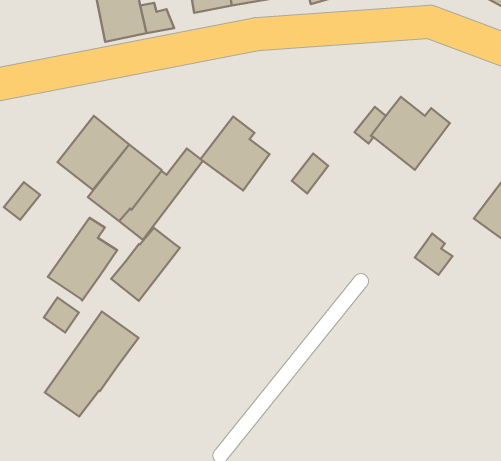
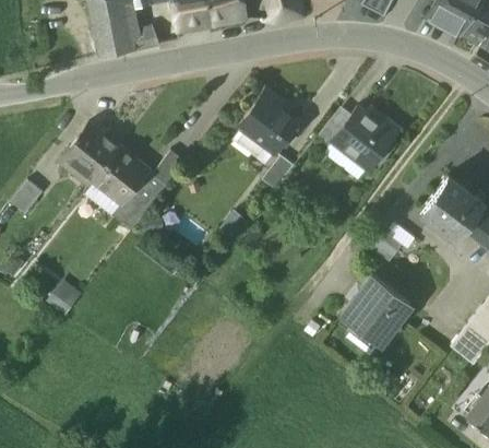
building: [201,116,270,190] -> [238,87,298,152]
building: [48,218,117,300] -> none
building: [111,228,180,301] -> none
building: none -> [341,273,410,344]
building: [45,311,138,417] -> none

